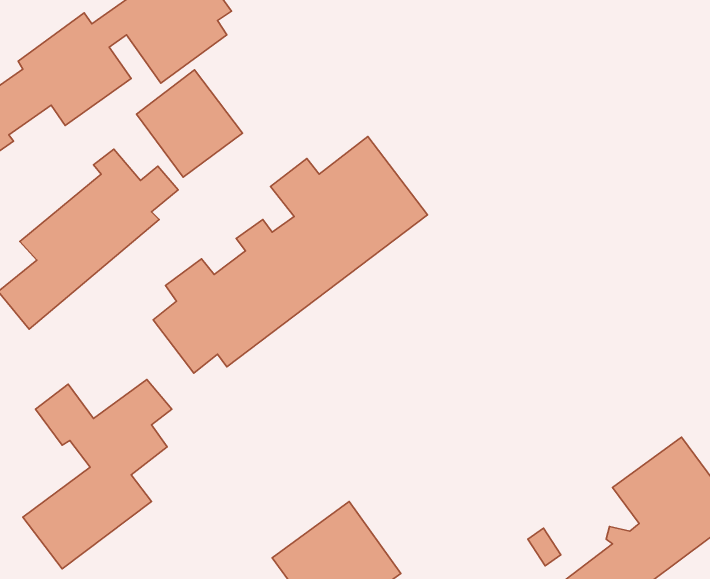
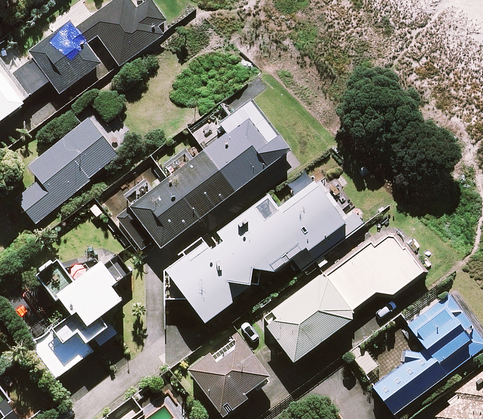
building: [136,70,243,177] -> none
building: none -> [165,166,361,323]
building: none -> [261,229,420,361]

